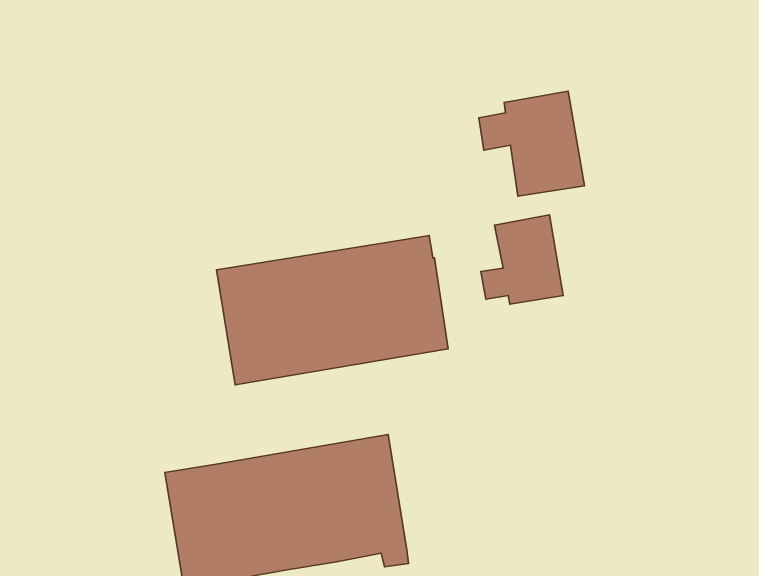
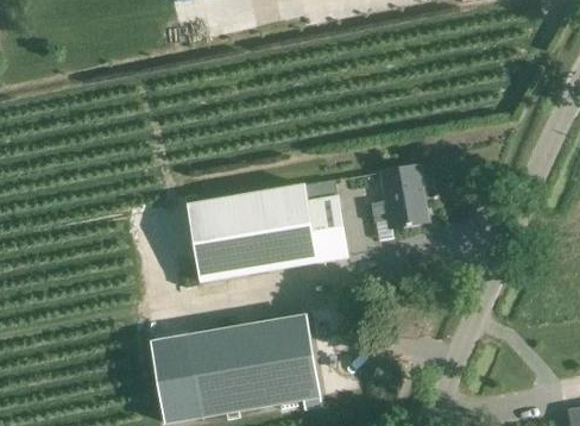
building: [479,91,584,196] -> none

